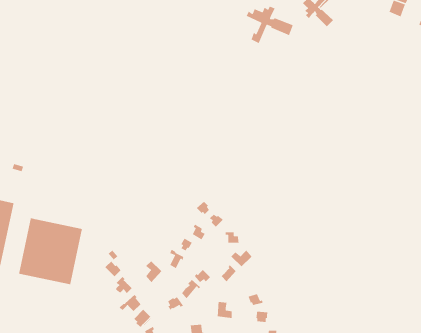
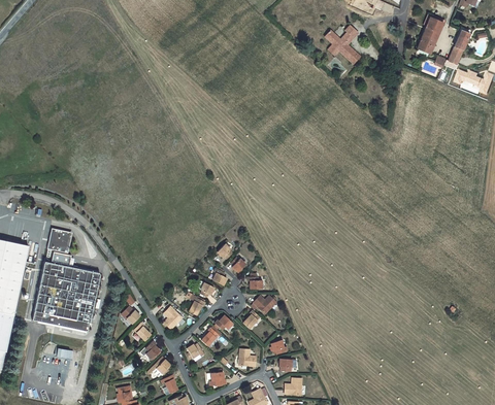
building: [245,6,294,44] -> none
building: none -> [47,229,72,254]

